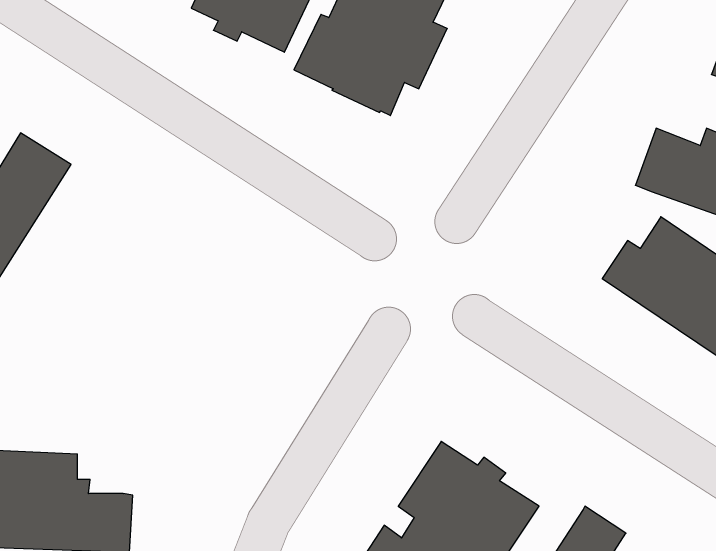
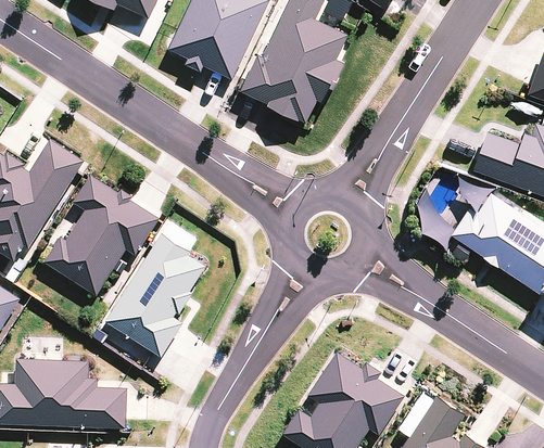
building: none -> [45,170,161,291]
building: none -> [107,229,207,351]

